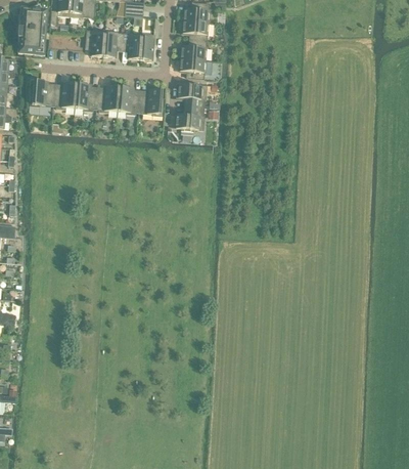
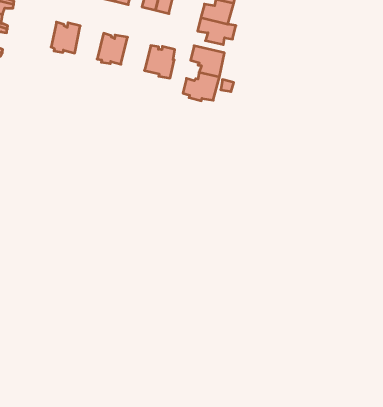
building: [28,79,53,105] -> none
building: [74,82,96,110] -> none
building: [116,85,139,113] -> none

